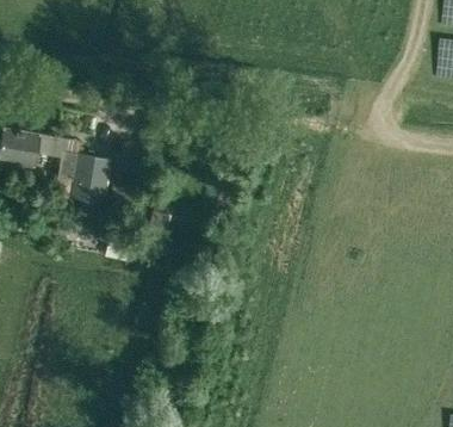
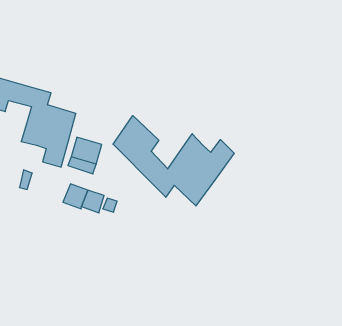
building: none -> [113,116,234,206]

